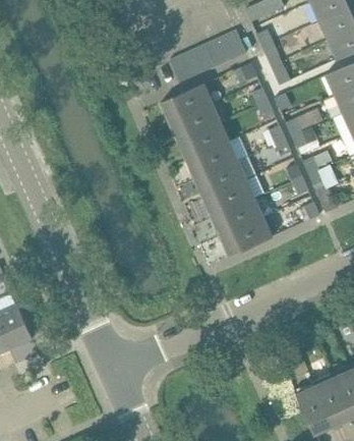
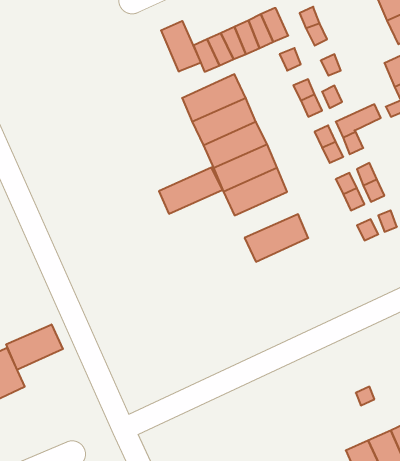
building: none -> [161,21,201,72]
building: [203,180,255,218] -> [159,167,223,214]
building: [221,218,273,257] -> none
building: none -> [6,324,63,370]

